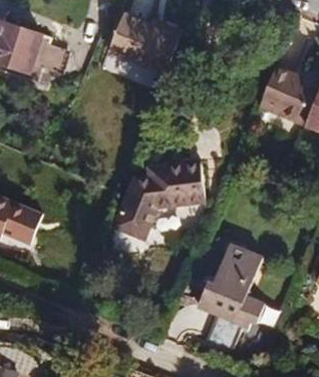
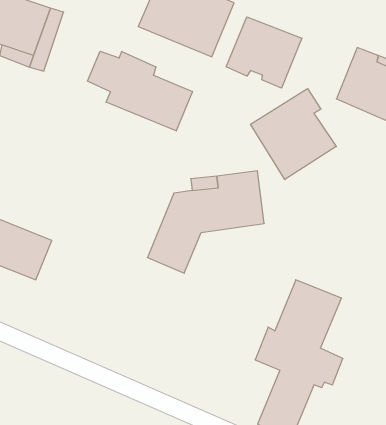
building: none -> [226,17,302,88]
building: none -> [88,51,192,131]
building: none -> [250,89,336,180]

